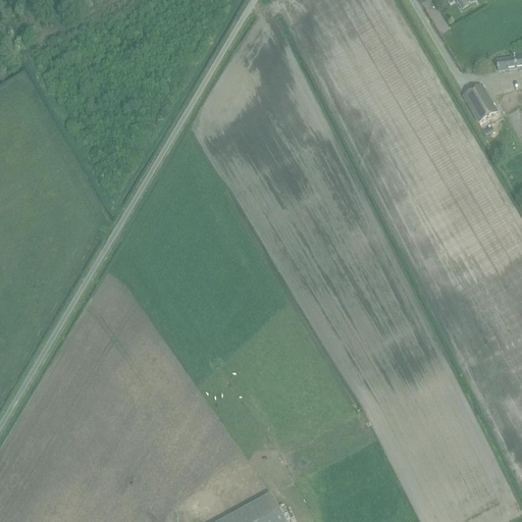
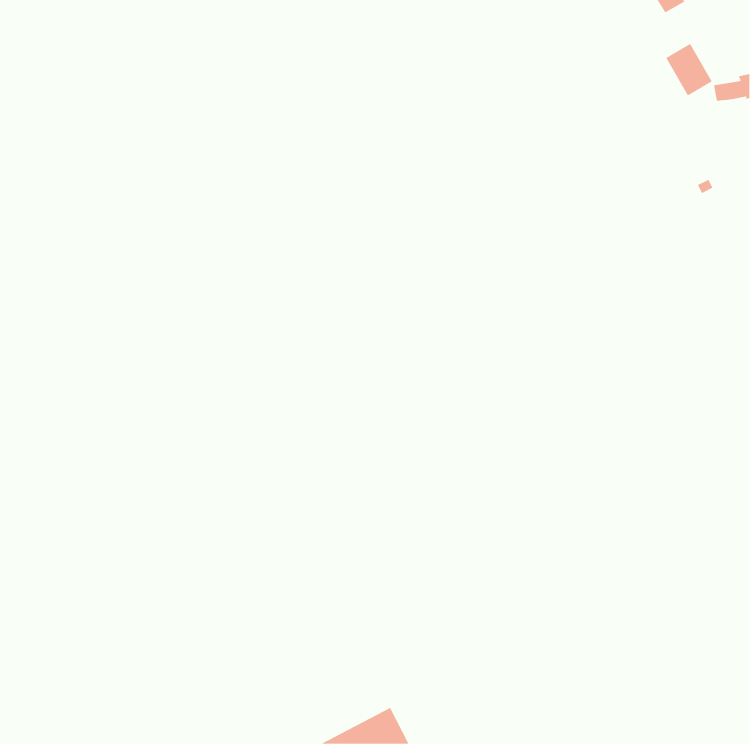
building: [464,84,497,120] -> [665,43,712,96]

